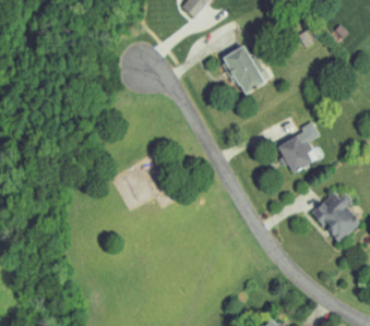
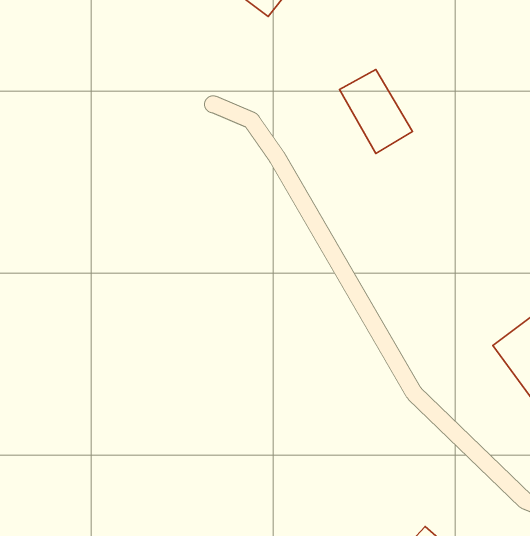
building: [281,122,323,173] -> none

